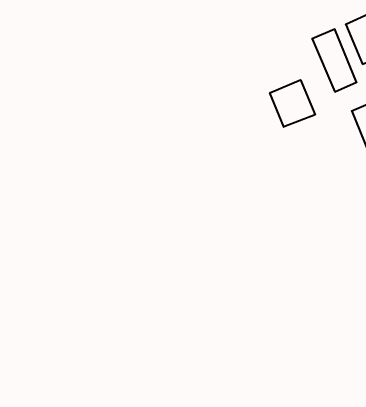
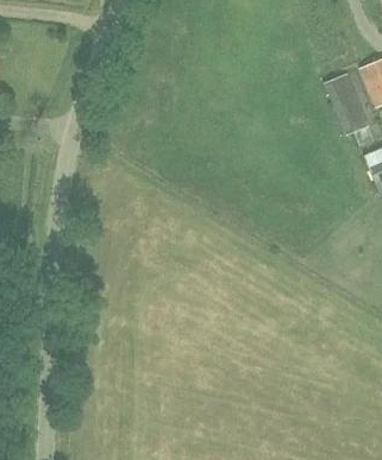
building: [270,80,315,127] -> none

